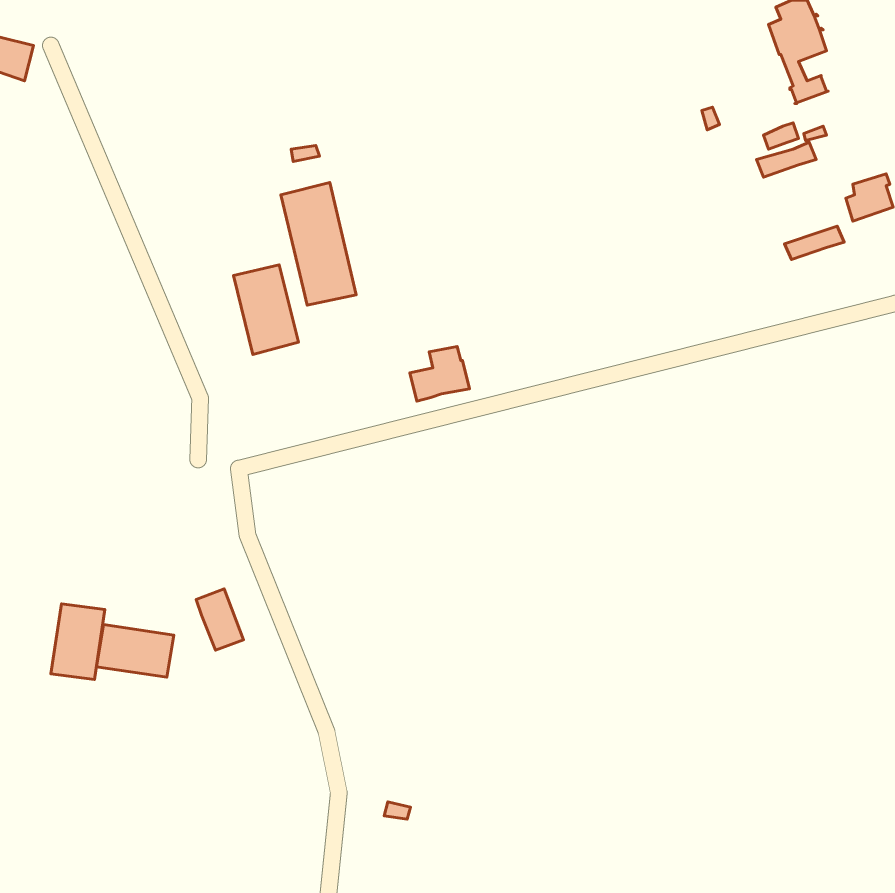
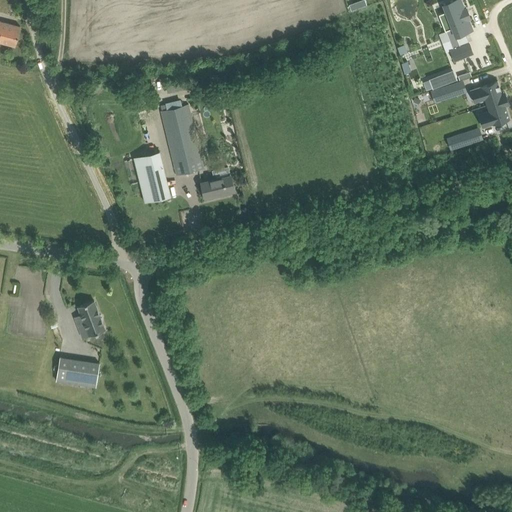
building: none -> [474,83,505,107]
building: [410,347,470,401] -> [200,169,234,200]
building: [196,589,244,650] -> [77,302,104,337]
building: [51,604,105,680] -> none

